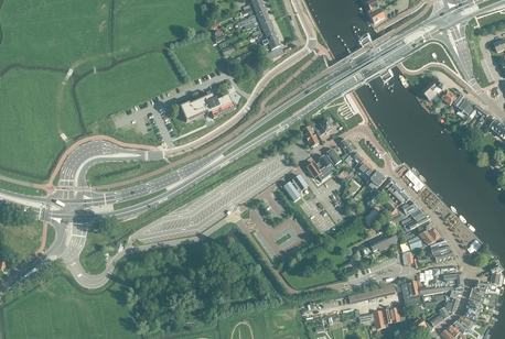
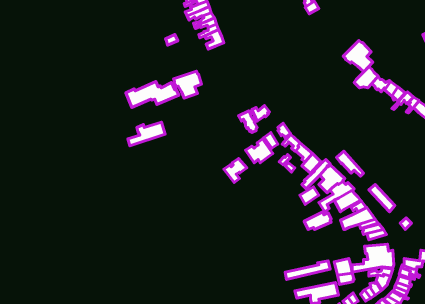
building: none -> [343,40,373,72]
building: none -> [174,71,202,98]
building: none -> [128,122,165,146]

